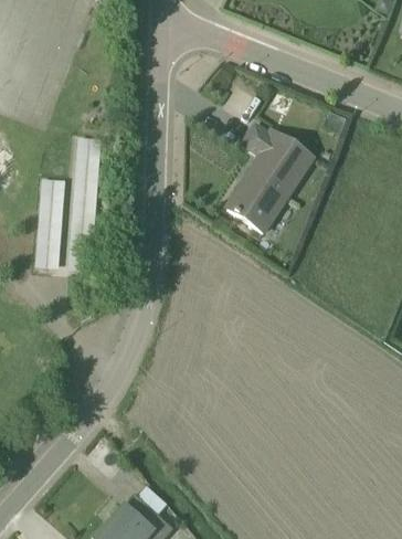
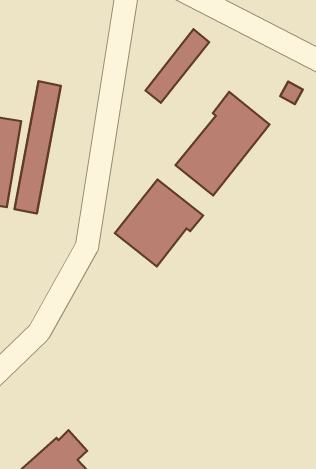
building: none -> [146,29,209,103]
building: none -> [115,180,203,267]

